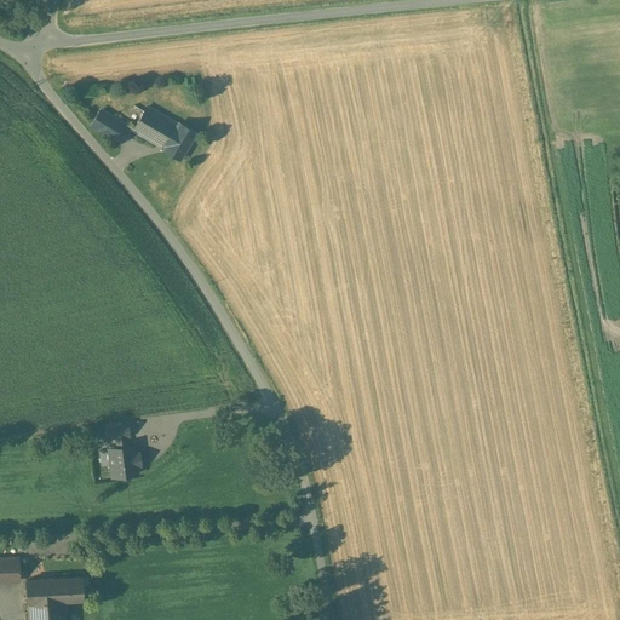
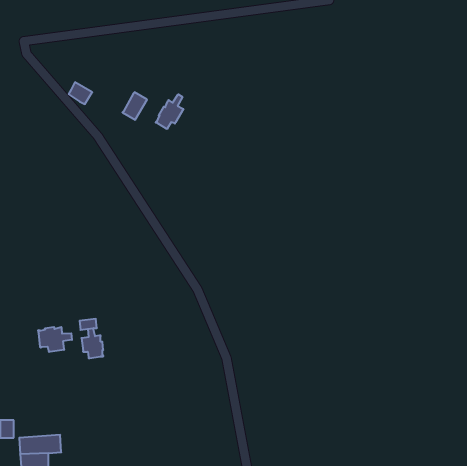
building: [132,107,177,149] -> none
building: none -> [156,94,183,129]
building: none -> [38,327,72,352]

